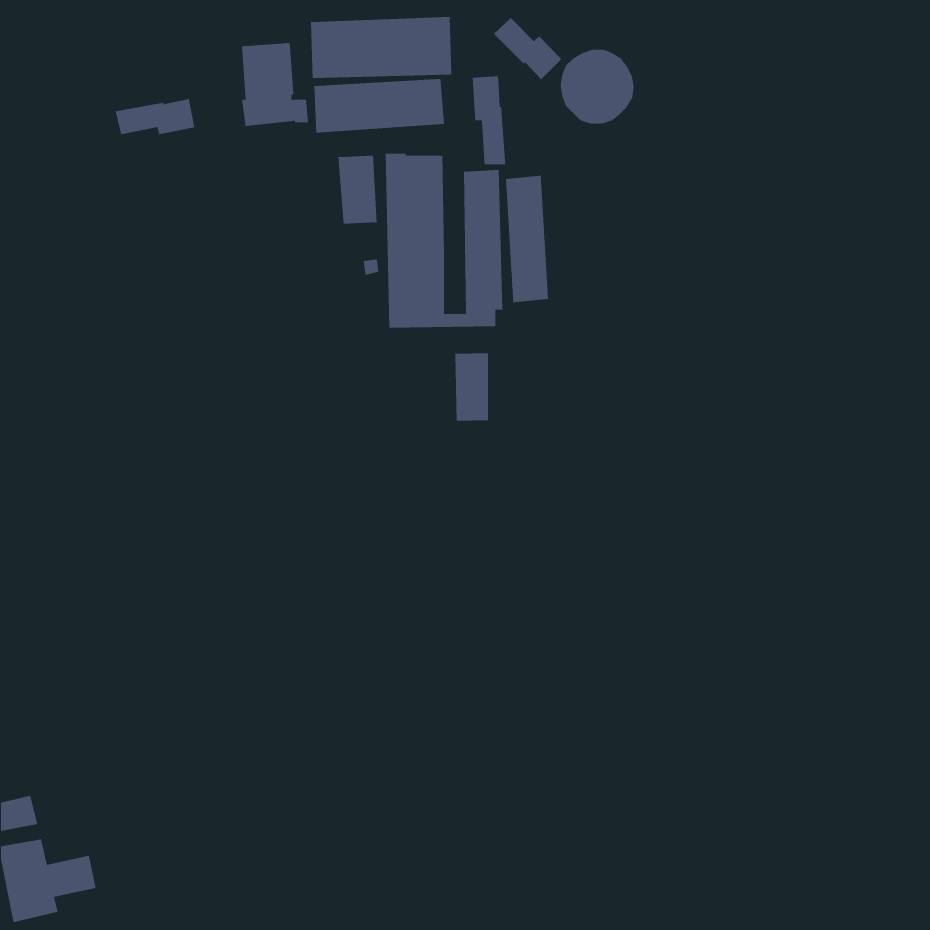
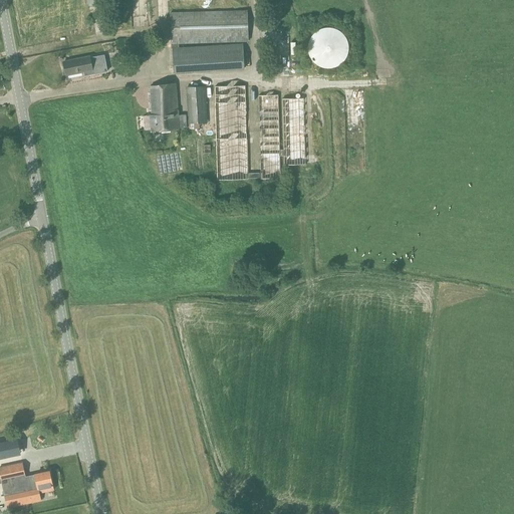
building: [493,17,562,80] -> none
building: [241,43,309,127] -> [151,83,188,130]
building: [472,75,506,165] -> none
building: [455,352,489,422] -> none

